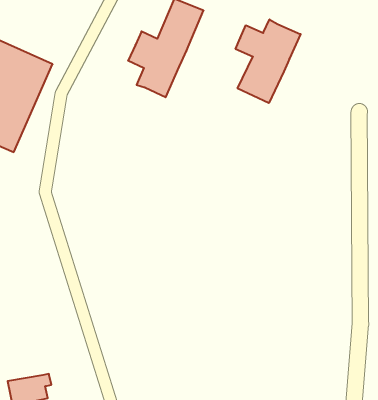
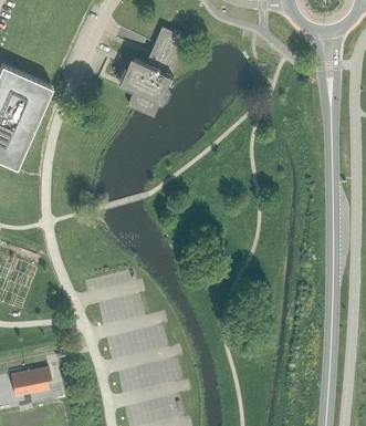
building: [236,19,301,103] -> none

